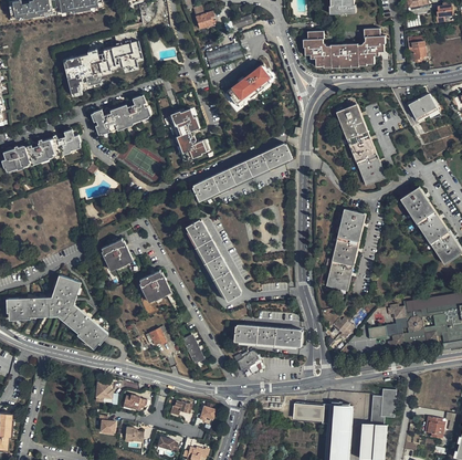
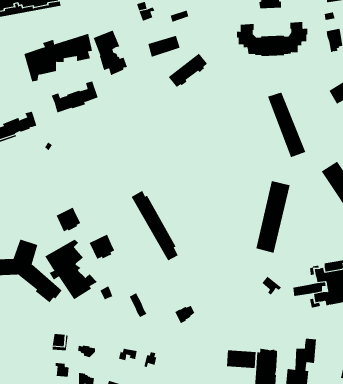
building: [166,108,206,160] -> [93,30,128,76]
building: [192,144,291,200] -> none
building: none -> [45,239,98,300]
building: [234,325,302,346] -> none

